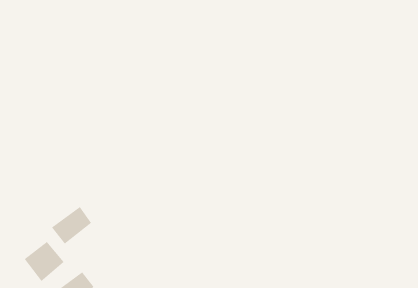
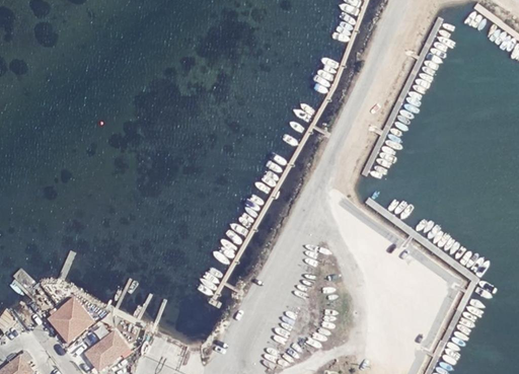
building: [51,206,92,244] -> none

